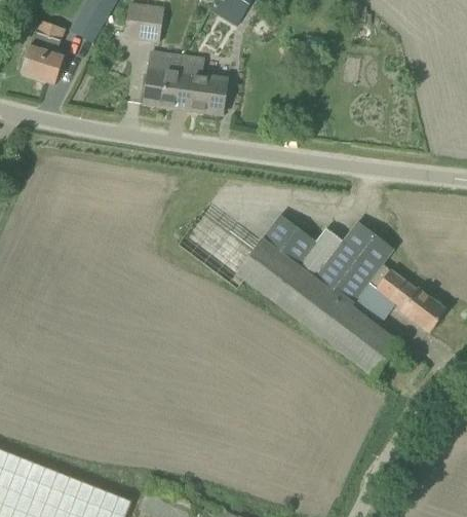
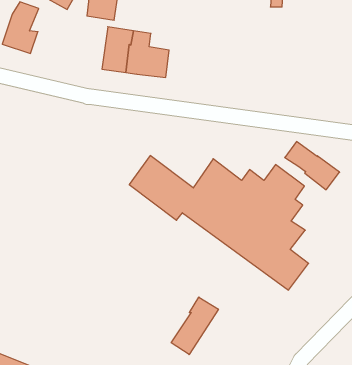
building: [377,271,444,331] -> [285,142,340,190]
building: none -> [171,297,218,355]

